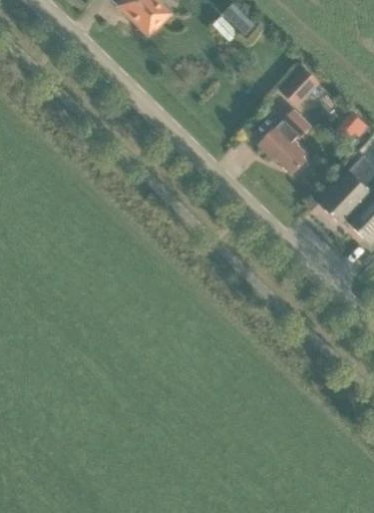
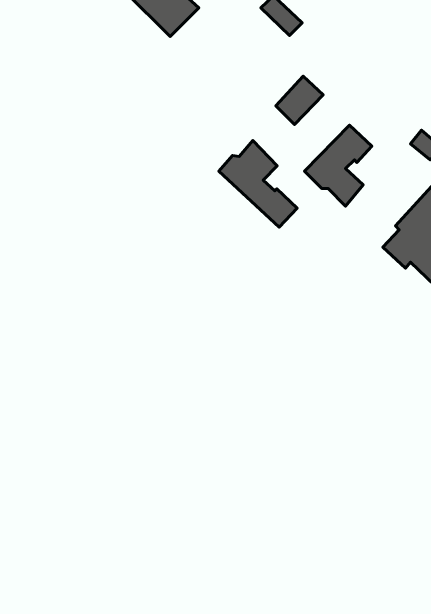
building: [283,68,321,107] -> [276,76,323,125]
building: none -> [219,141,297,227]

